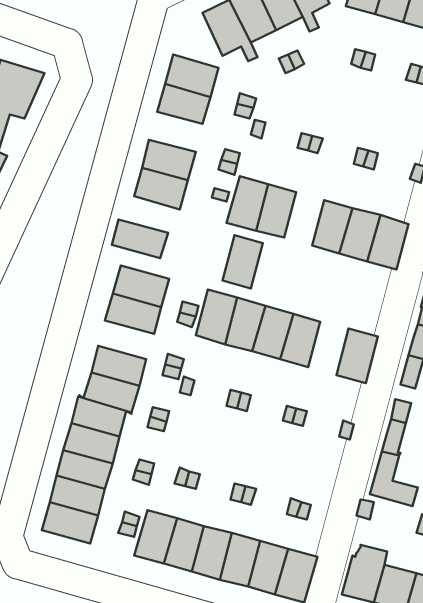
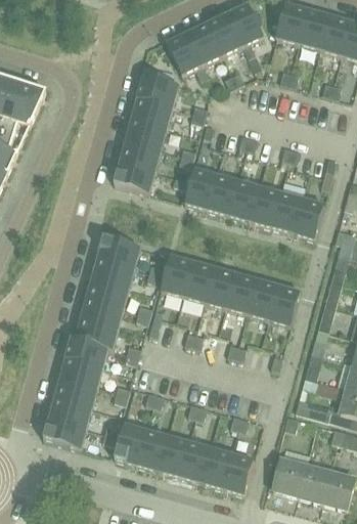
building: none -> [125,117,166,147]
building: [112,219,168,258] -> [86,276,129,306]
building: [223,235,263,289] -> [228,178,259,219]
building: none -> [247,277,277,318]

